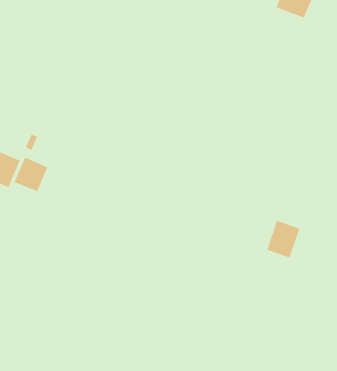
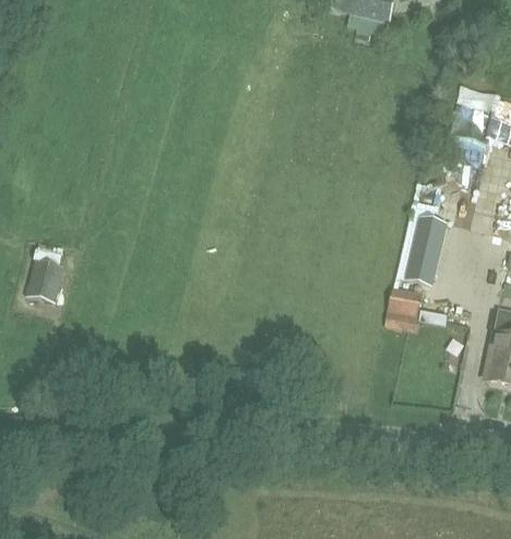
building: [14,157,48,192] -> none
building: none -> [406,216,447,287]

